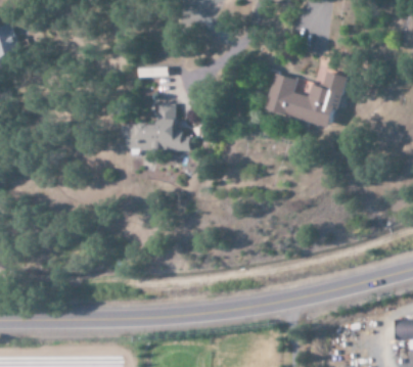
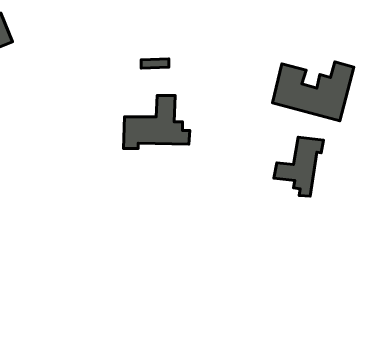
building: none -> [274,137,323,196]

